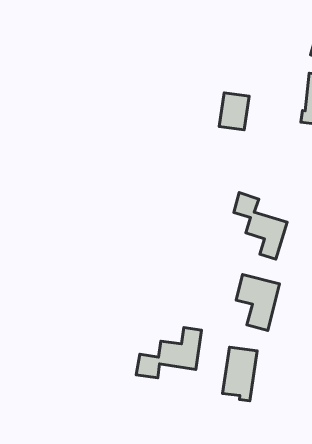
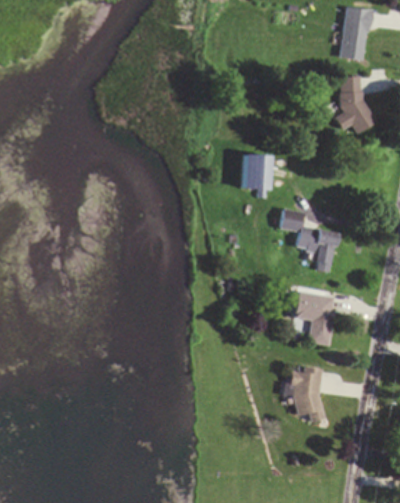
building: [219,93,249,130] -> [244,156,271,191]
building: [136,328,202,378] -> none

